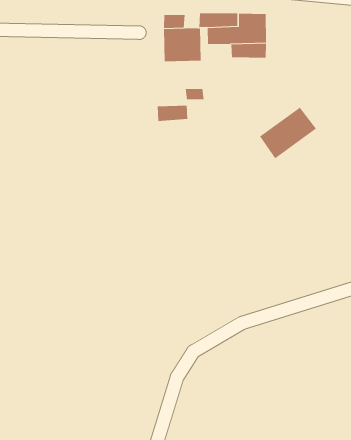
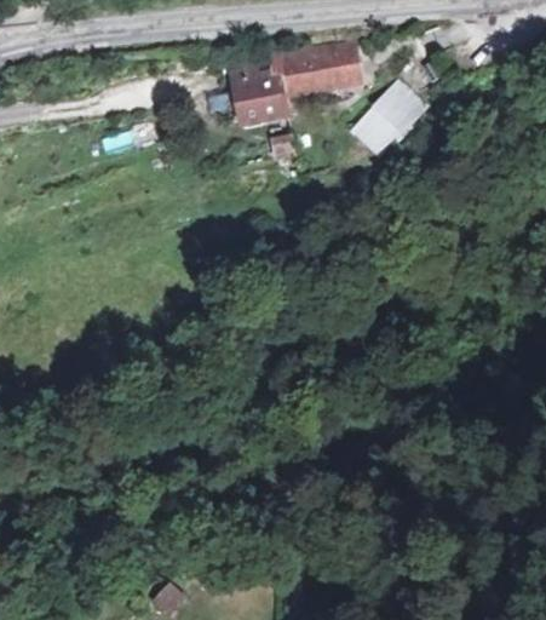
building: [259,107,317,159] -> [355,84,423,151]

